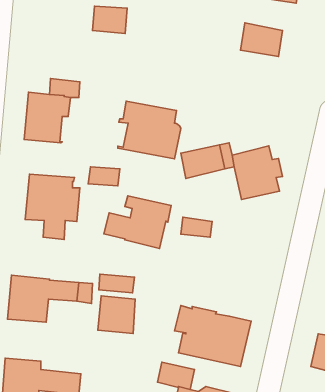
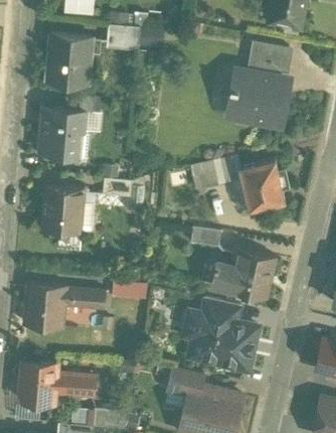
building: none -> [47,35,101,85]
building: [118,101,181,159] -> [227,70,288,126]
building: [104,196,171,248] -> [211,249,276,299]
building: none -> [202,298,241,322]
building: [98,296,135,334] -> none

